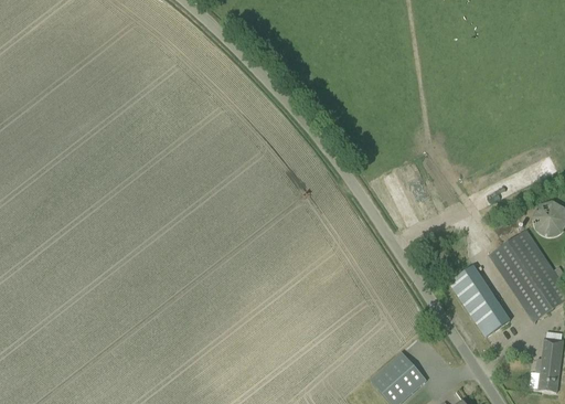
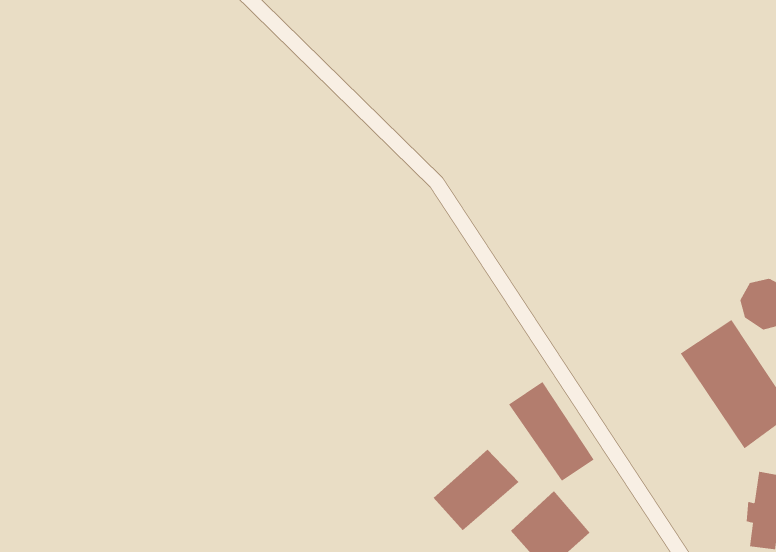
building: [449,265,510,336] -> [508,381,594,482]
building: none -> [433,449,519,531]

